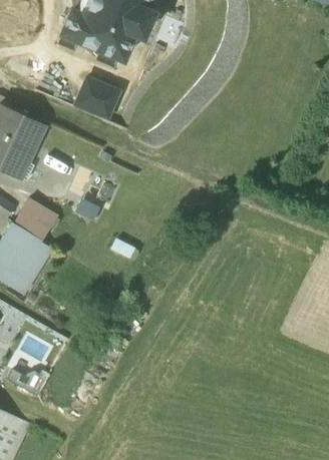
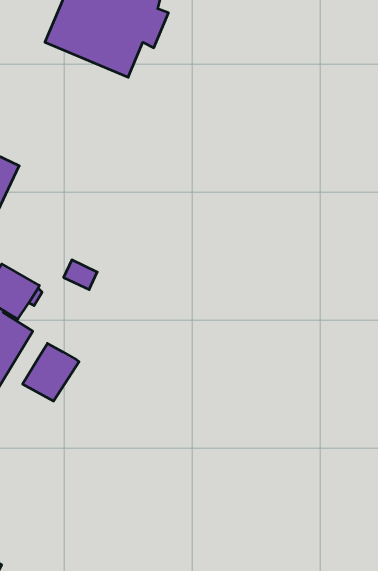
building: [75,79,120,119] -> none
building: none -> [23,343,79,401]

